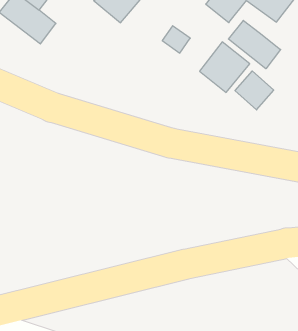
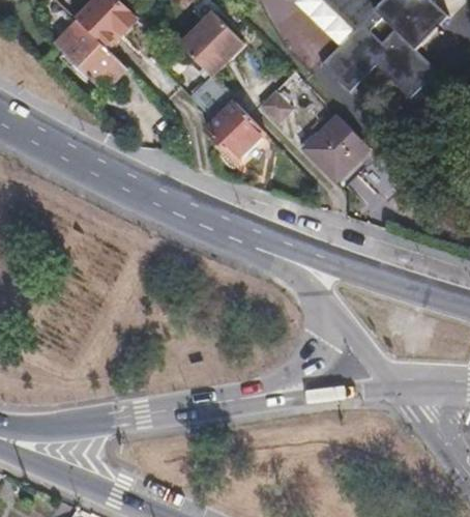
building: [228,20,281,69] -> none
building: none -> [192,78,266,160]

